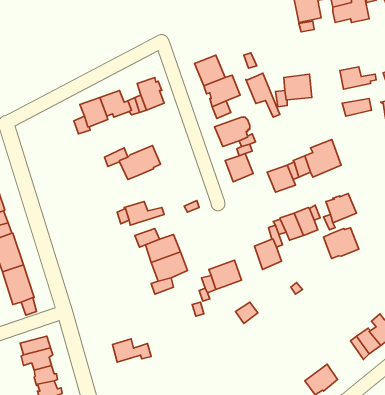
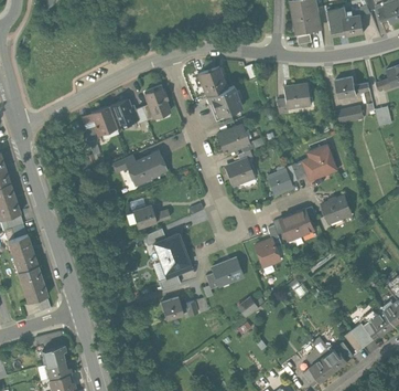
building: [246,73,280,117] -> none
building: [324,228,359,259] -> none
building: [112,339,151,362] -> [161,297,197,319]
building: none -> [323,342,353,372]

